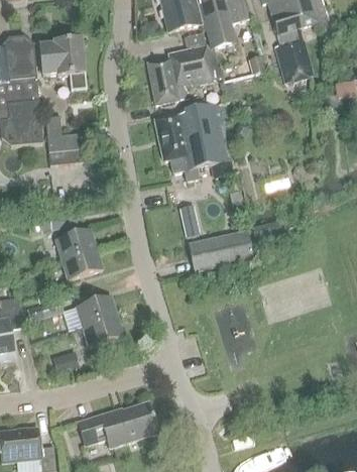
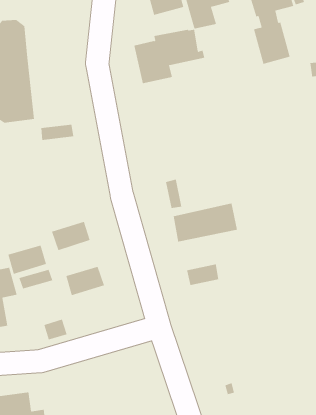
building: [38,37,86,89] -> none
building: [153,102,231,181] -> none
building: [44,114,83,149] -> none
building: [53,227,95,258] -> [8,245,47,275]
building: none -> [187,264,219,286]
building: [81,315,122,346] -> none
building: [77,400,156,447] -> none

